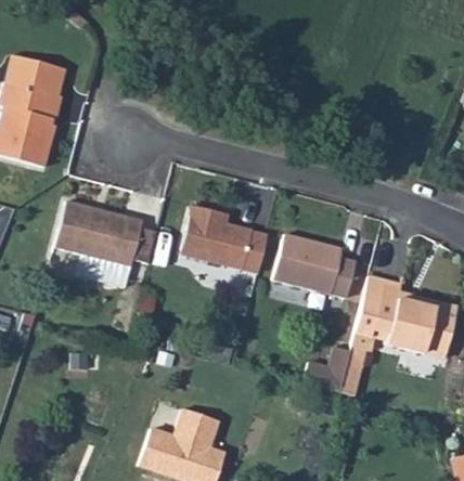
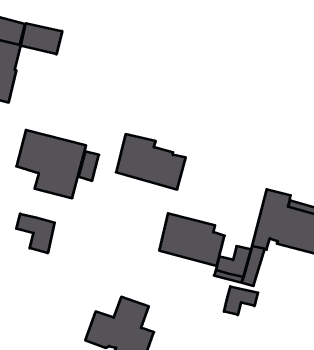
building: none -> [21,23,62,54]
building: [272,233,355,299] -> [159,213,225,266]
building: none -> [16,214,55,253]
building: none -> [224,286,258,315]

